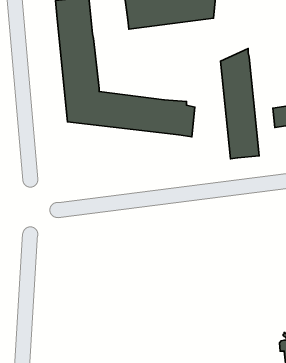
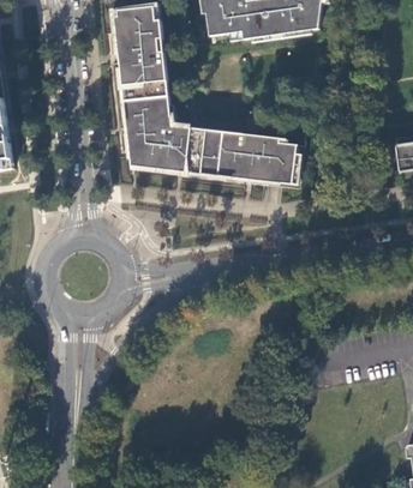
building: [221,49,259,159] -> none

